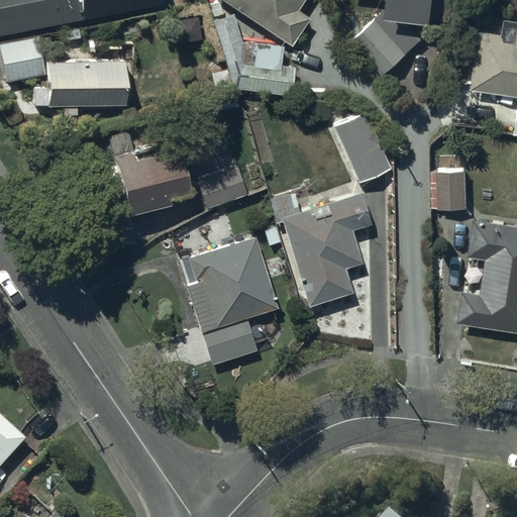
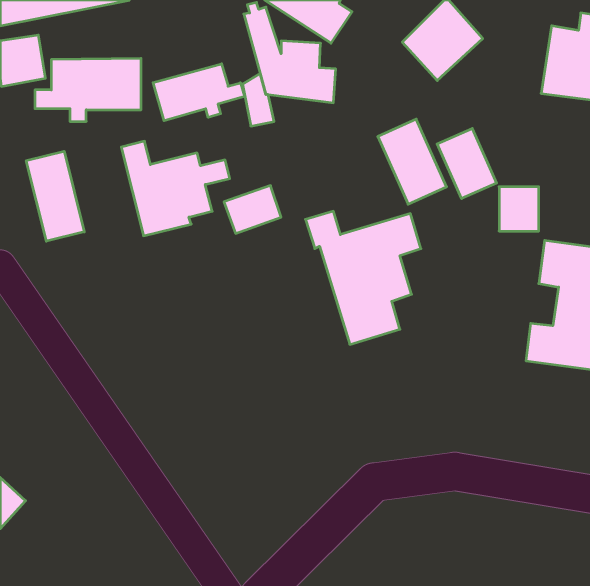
building: none -> [153,64,244,121]
building: none -> [437,128,497,199]
building: none -> [26,151,84,241]
building: [184,235,277,361] -> none

